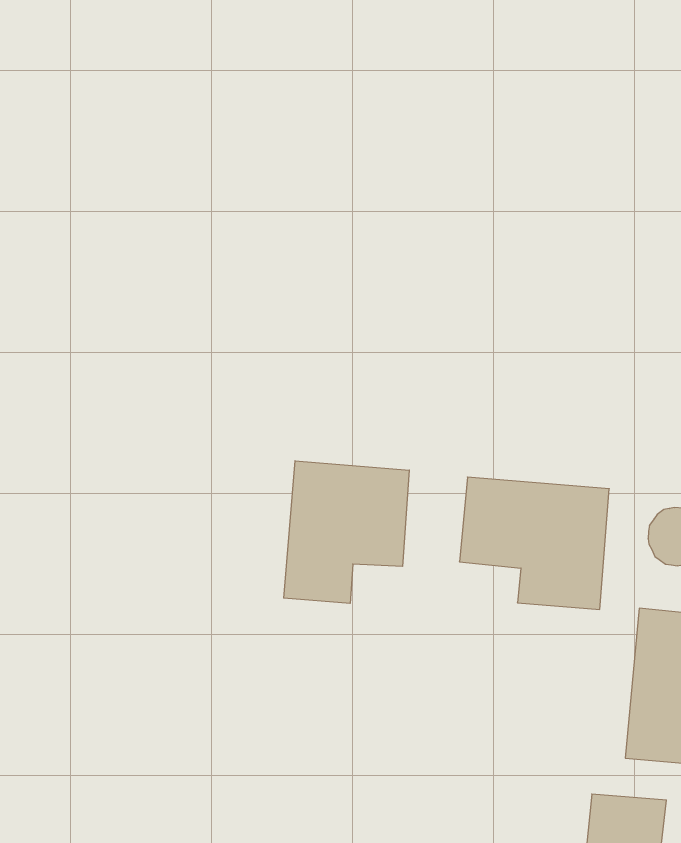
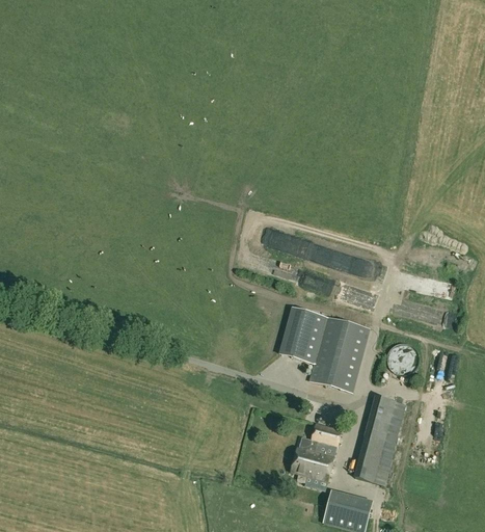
building: [284,461,409,603] -> none
building: none -> [291,422,343,481]

